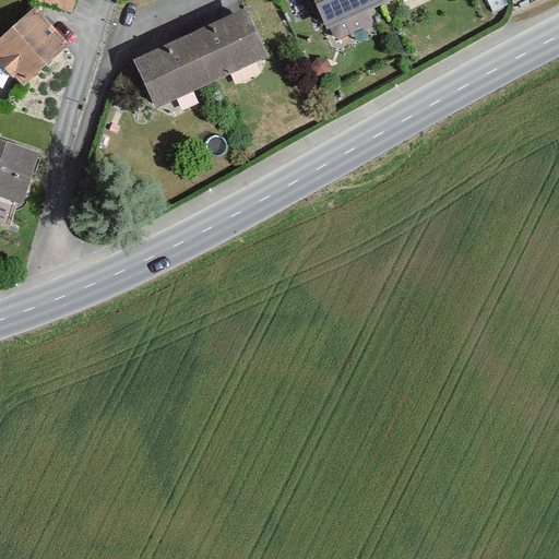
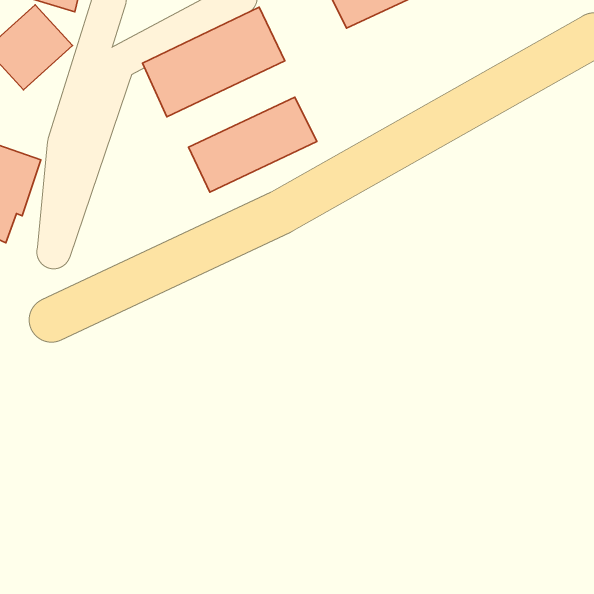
building: none -> [189,97,317,192]

